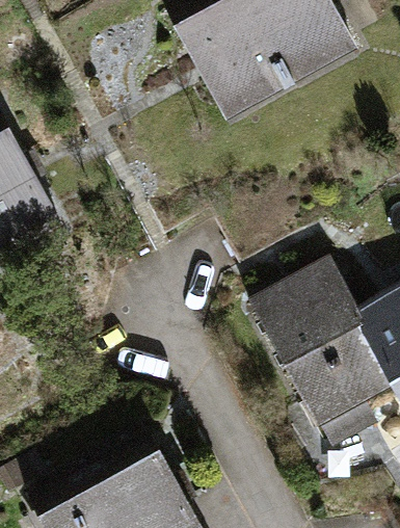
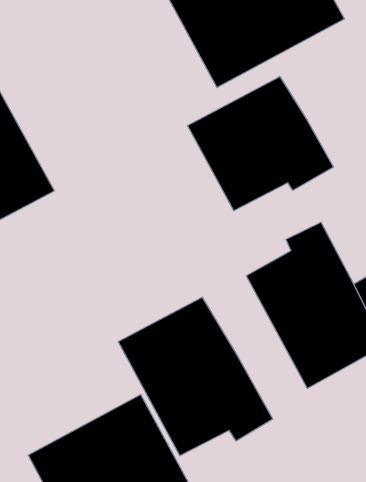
building: none -> [187,76,334,211]
building: none -> [118,297,273,456]

